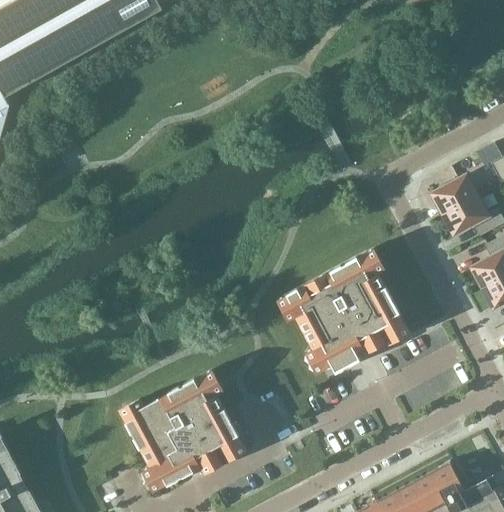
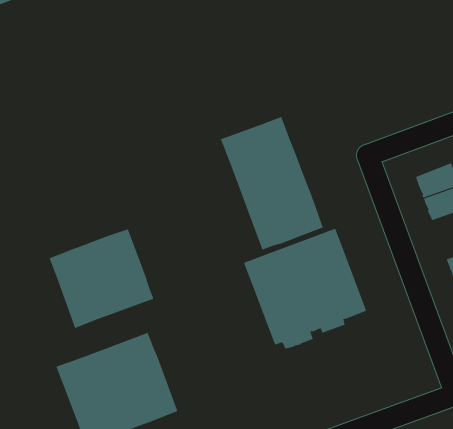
building: none -> [220,116,324,250]
building: none -> [49,228,154,329]

